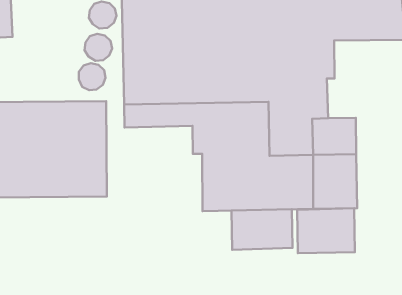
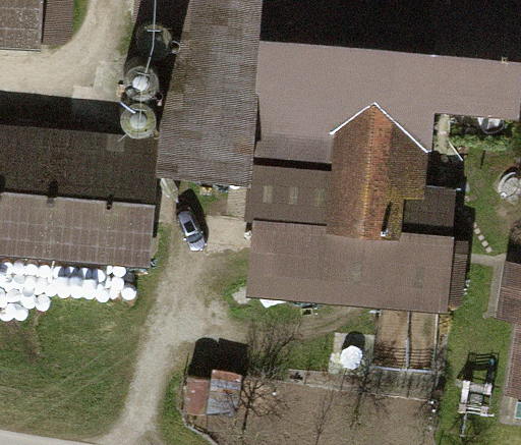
building: [297,208,355,253] -> none
building: [232,209,293,250] -> none

